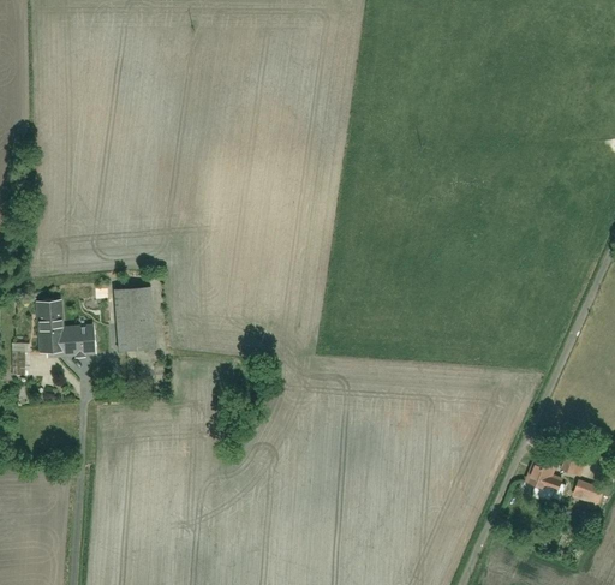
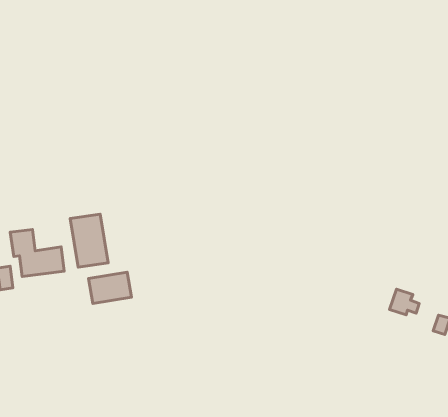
building: none -> [88,272,132,303]
building: [525,459,563,493] -> [390,289,419,315]

